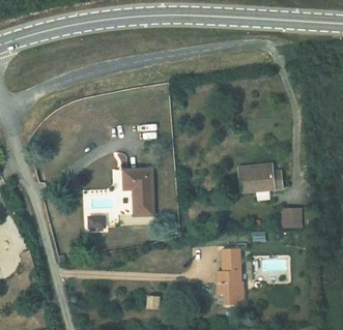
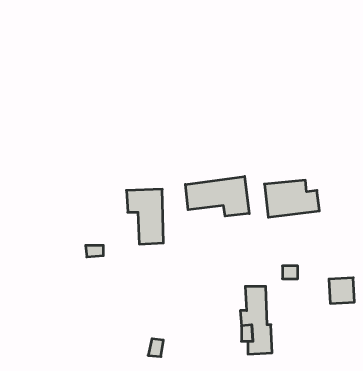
building: none -> [185,176,249,216]
building: [284,206,305,227] -> [329,278,354,303]

